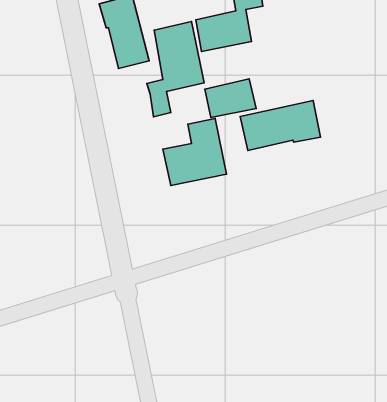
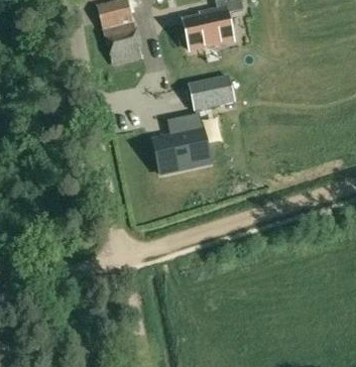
building: [147,22,204,117] -> none
building: [240,100,321,150] -> none

